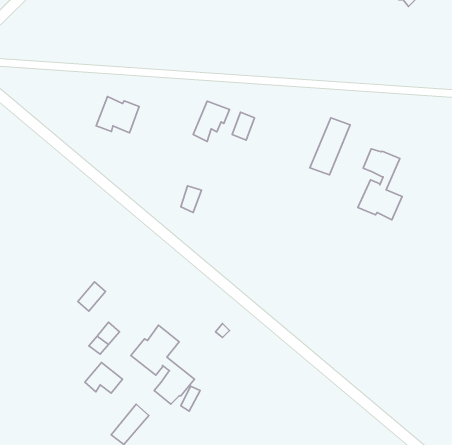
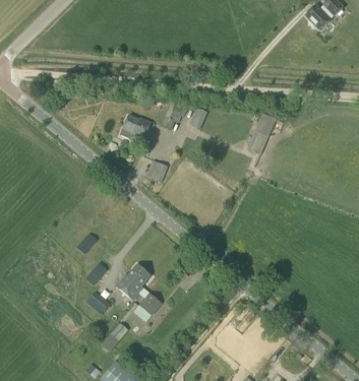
building: [96,97,139,133] -> [119,114,151,140]
building: [358,149,402,220] -> none

